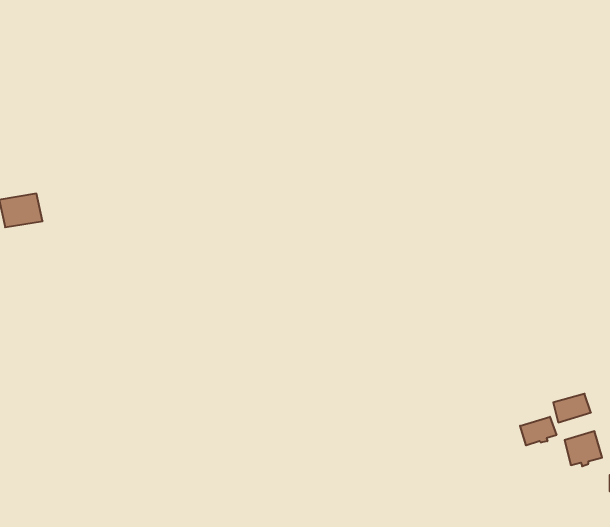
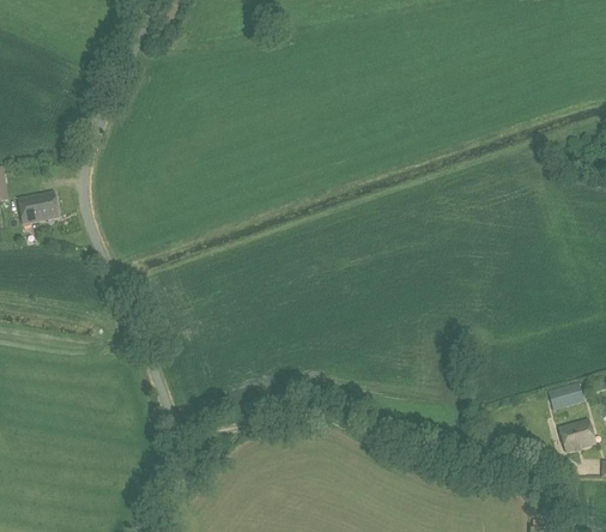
building: [520,417,556,445] -> none

